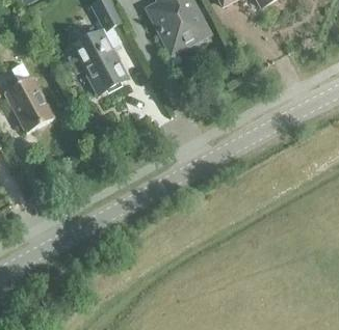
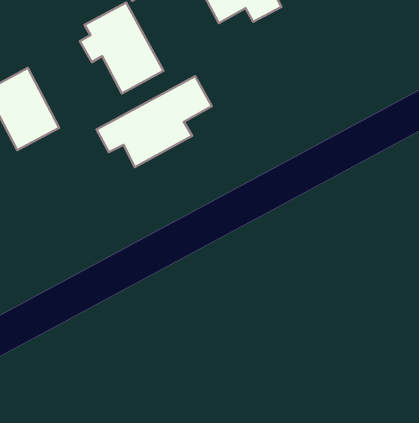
building: none -> [96,76,212,167]

